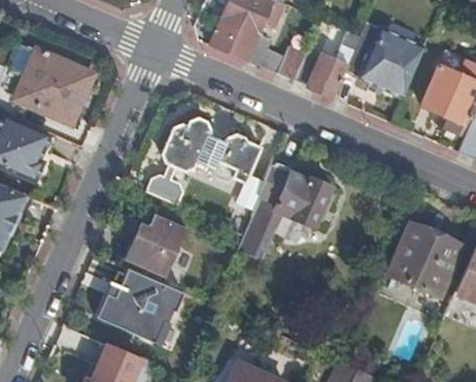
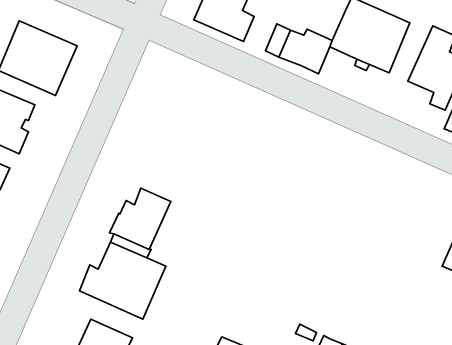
building: [145,114,263,205] -> none
building: [238,161,334,259] -> none
building: [385,221,461,295] -> none

